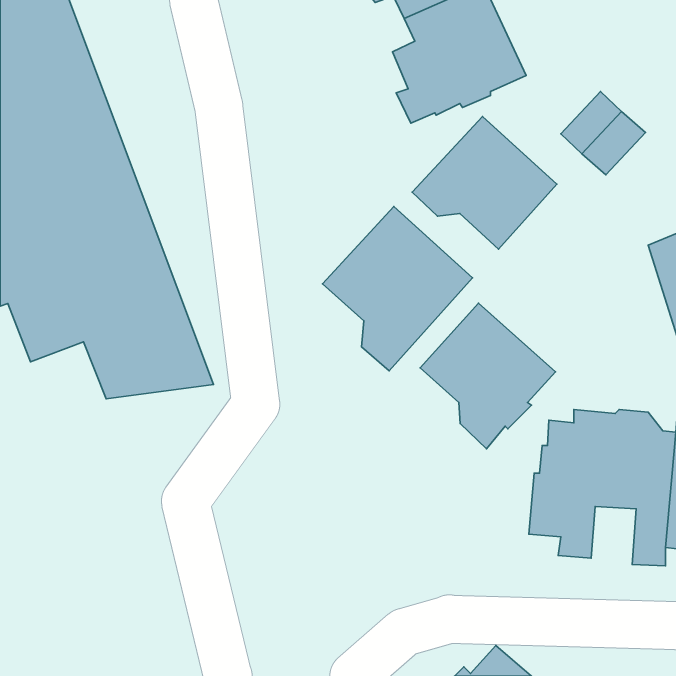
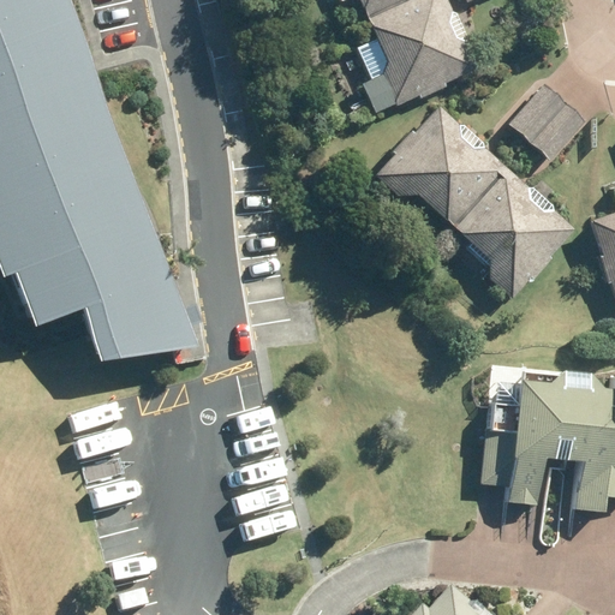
building: [322,206,472,371] -> none
building: [420,303,555,449] -> [453,167,575,299]

